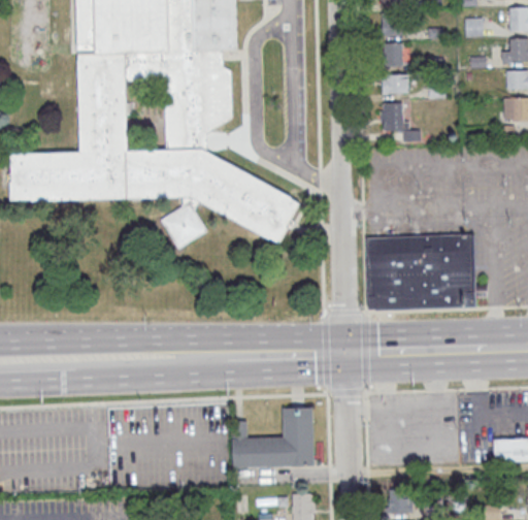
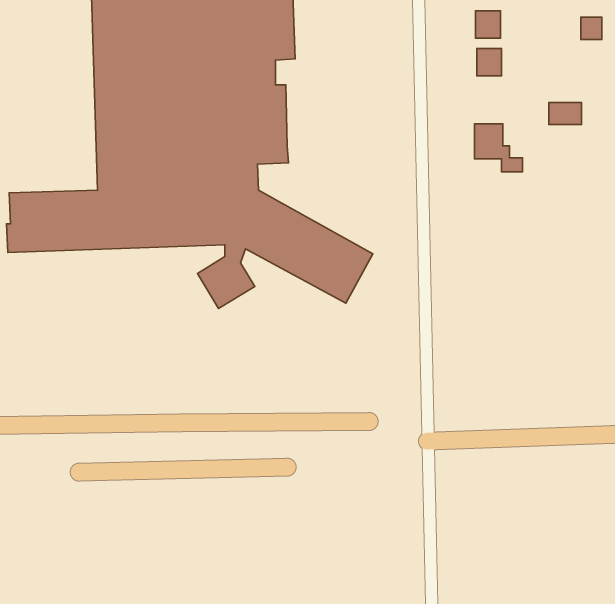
building: [382,74,407,92] -> [549,103,581,125]
building: [365,233,475,311] -> none
building: [232,405,314,466] -> none

